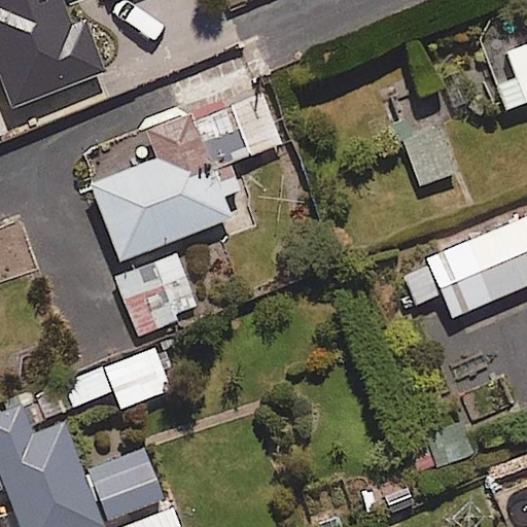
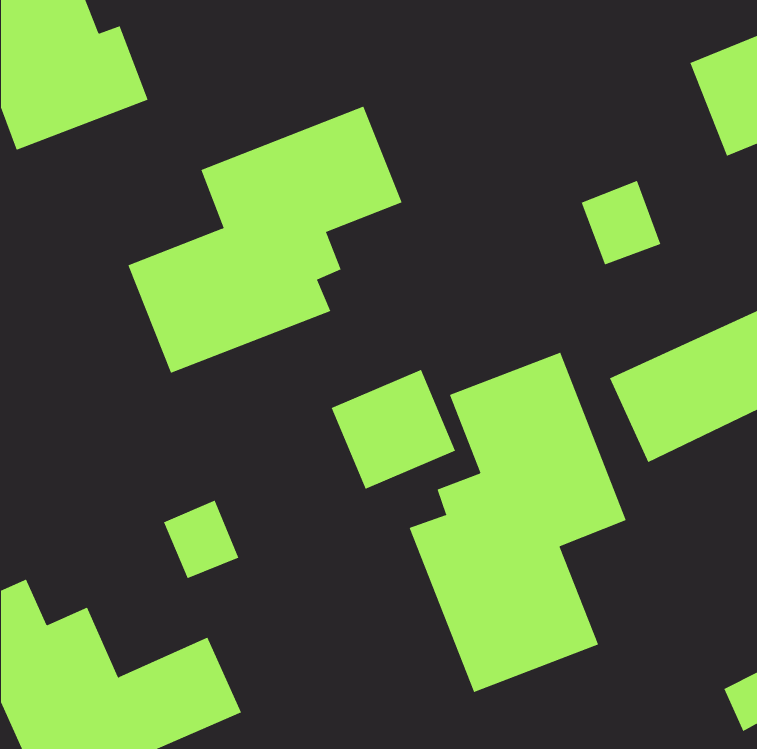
building: none -> [409,352,626,693]
building: [112,254,199,338] -> [331,369,456,490]

